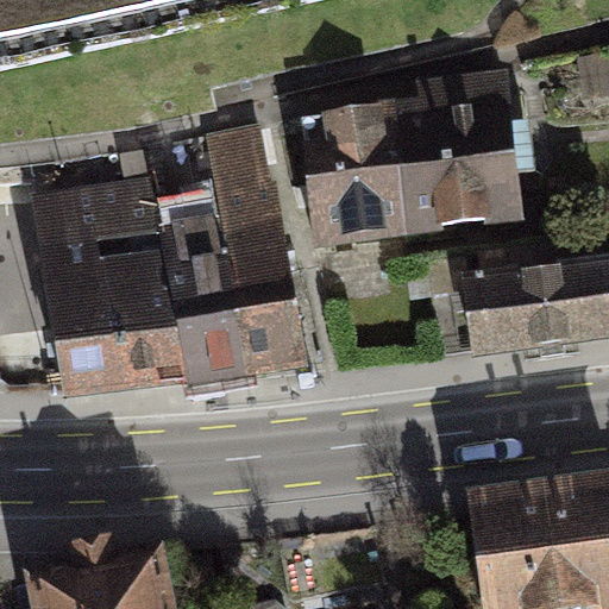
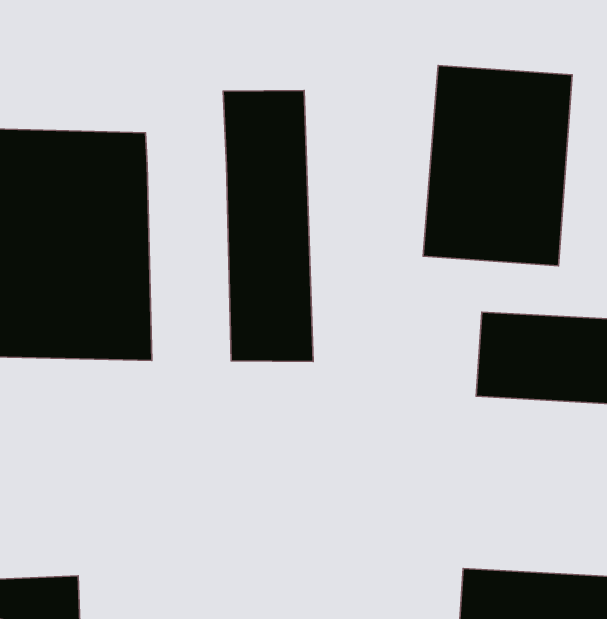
building: [299,105,397,245] -> none
building: [157,189,253,360] -> none

